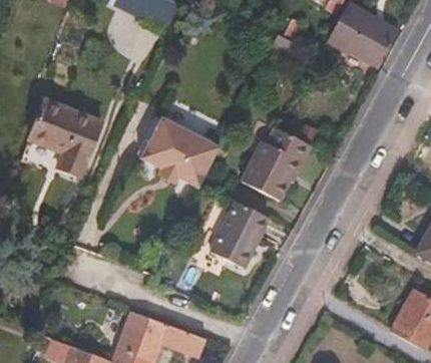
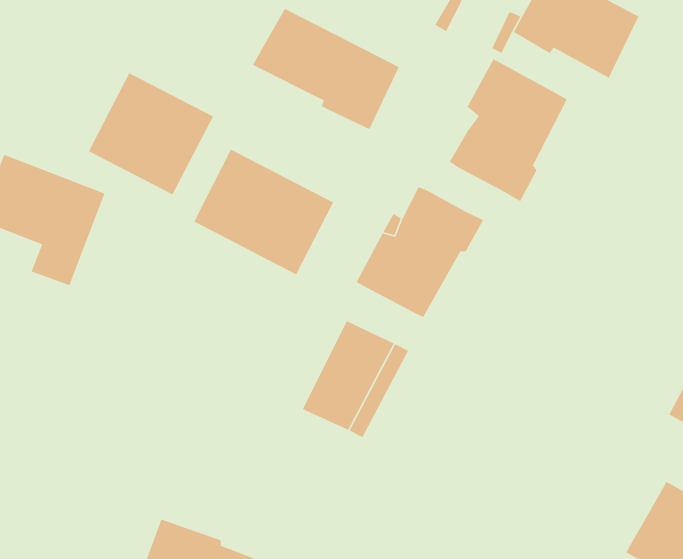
building: none -> [252,8,400,130]
building: none -> [449,58,568,202]
building: none -> [88,72,214,196]

